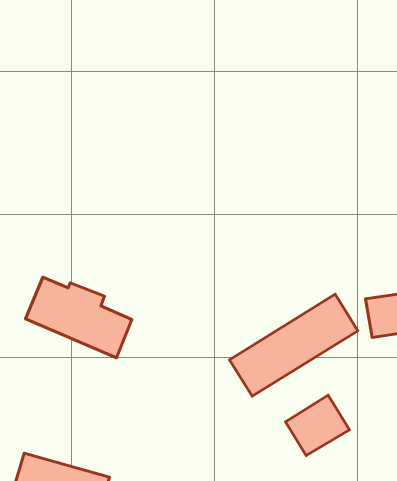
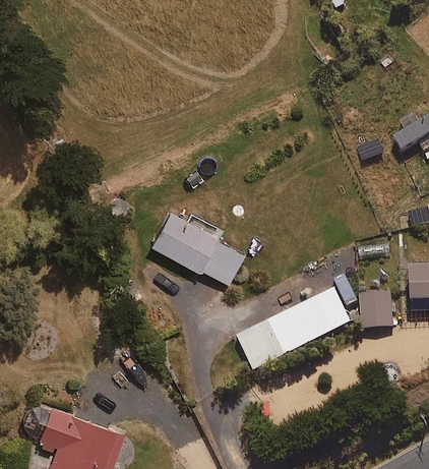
building: [26,277,132,358] -> [148,208,242,284]
building: [285,395,349,456] -> none

